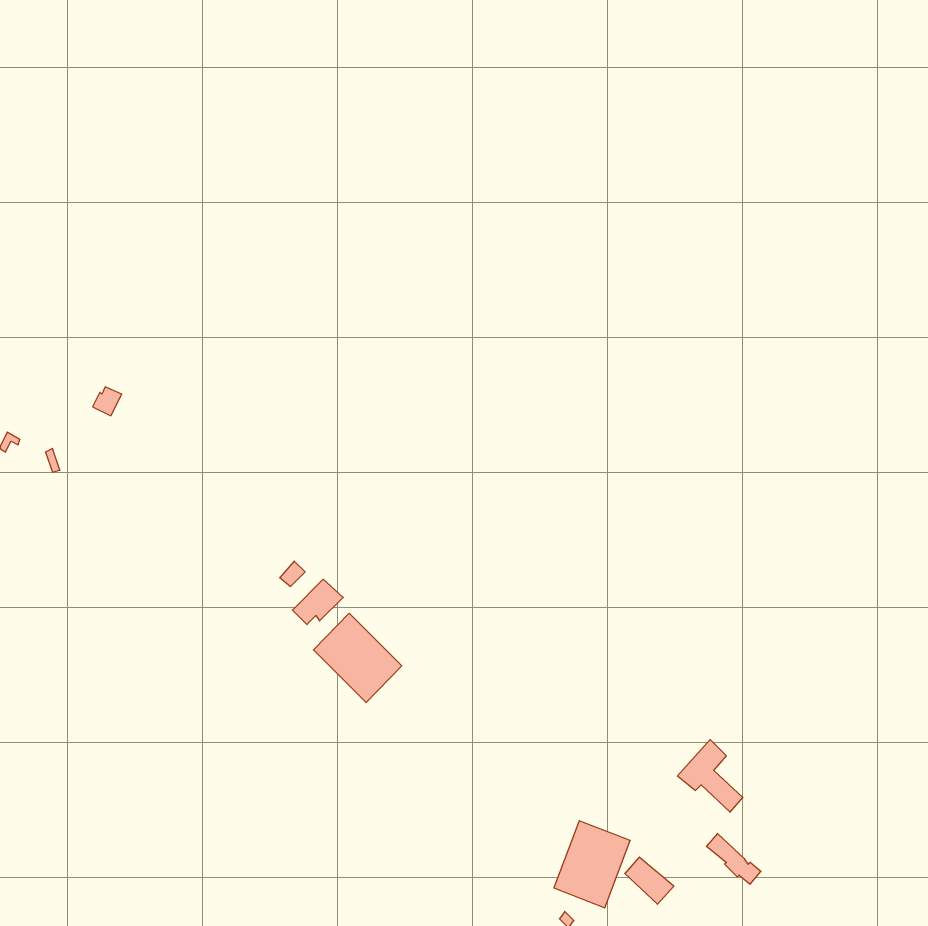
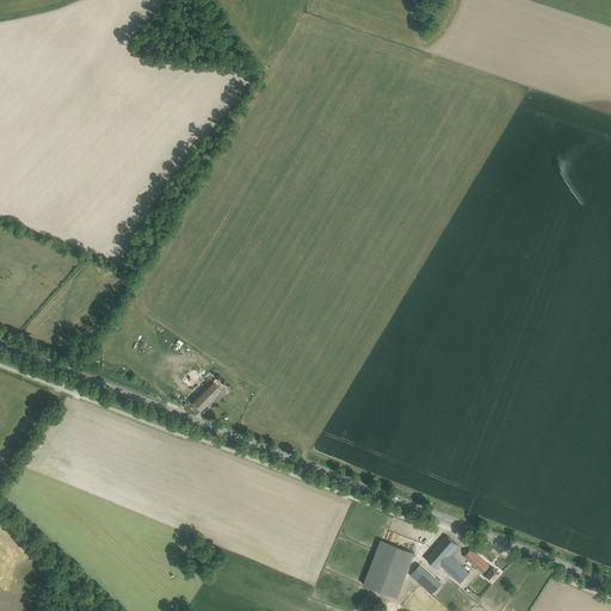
building: [313,613,402,703] -> none
building: [677,740,743,812] -> [426,536,469,584]

